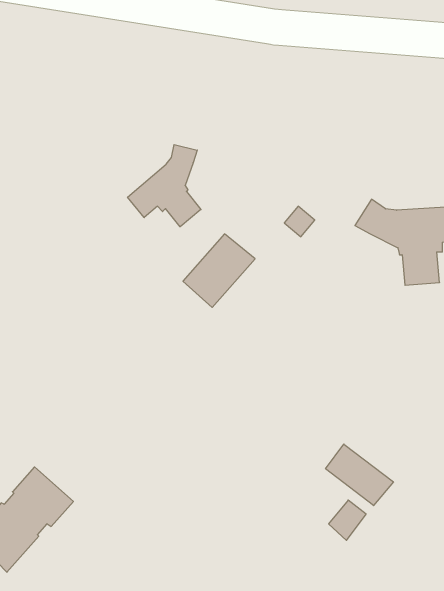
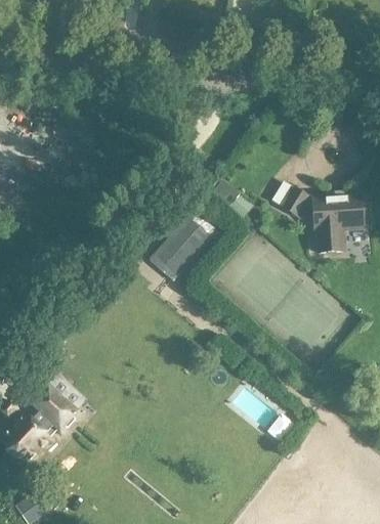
building: [128,145,201,227] -> none
building: [326,444,393,506] -> none

